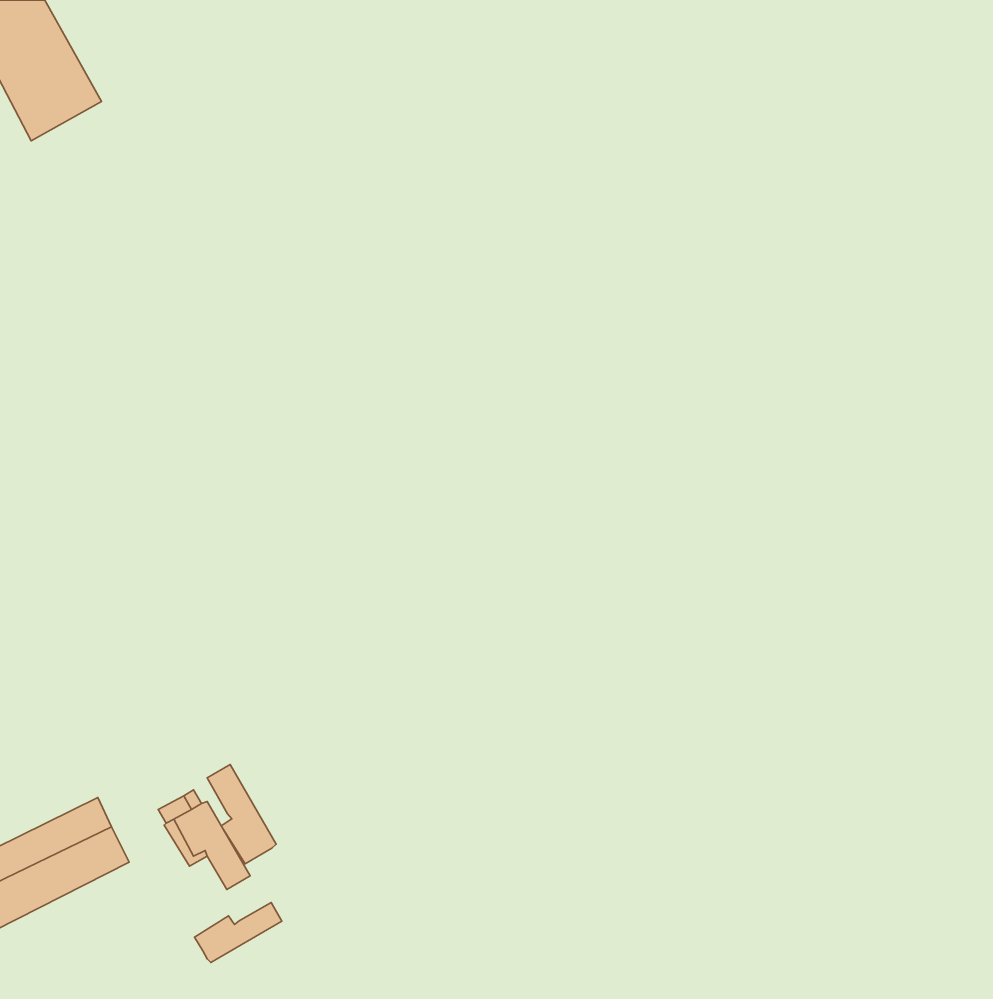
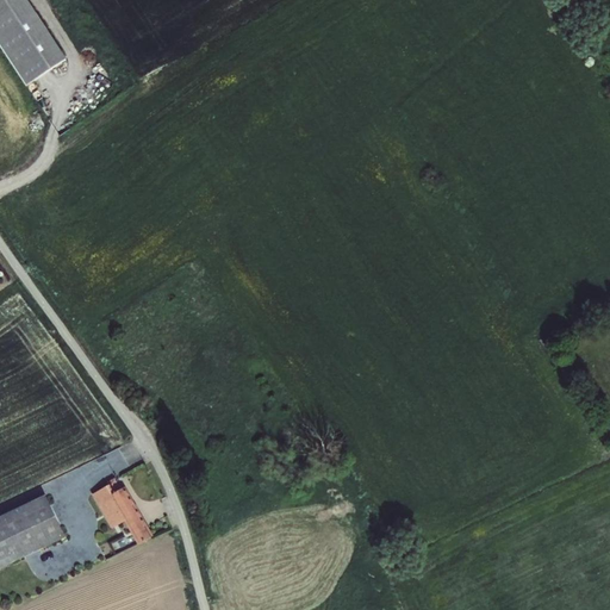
building: [207,765,276,864] -> none
building: [195,902,282,962] -> none

